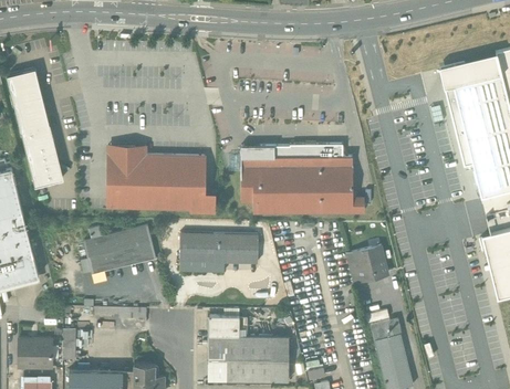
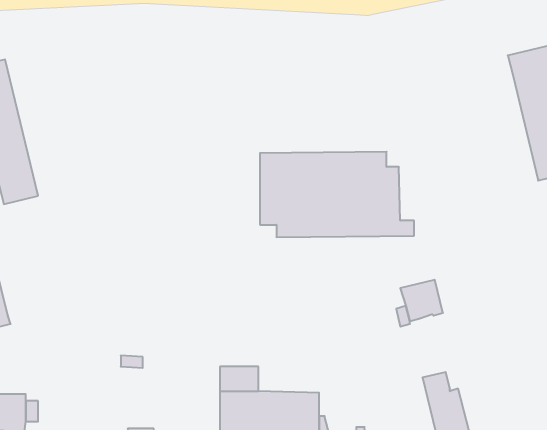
building: [106,147,215,212] -> none
building: [83,227,156,275] -> none
building: [179,233,258,273] -> none

